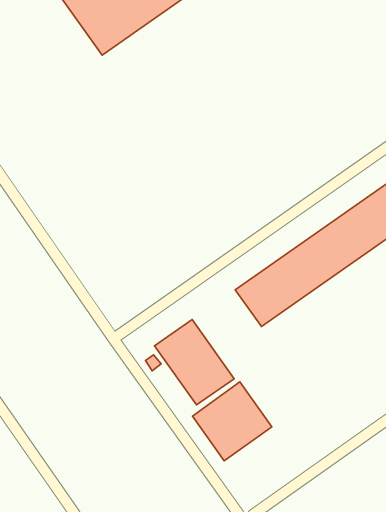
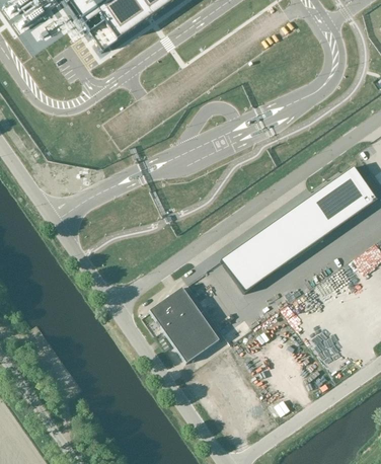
building: [192,382,272,461] -> none

